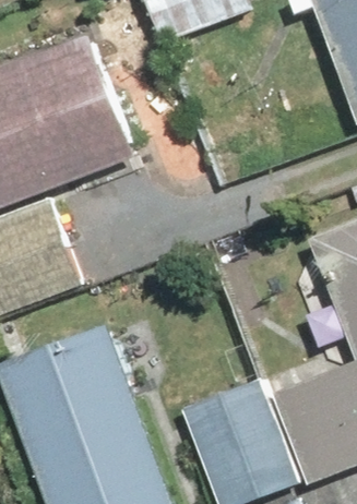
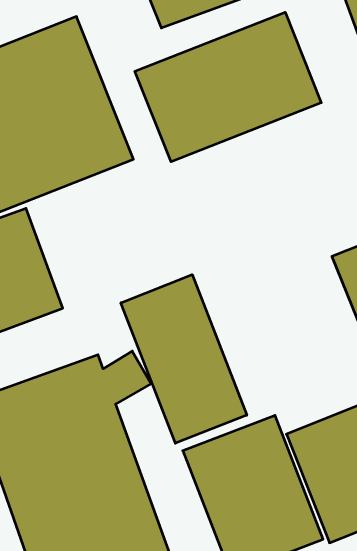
building: none -> [135,12,321,162]
building: none -> [121,275,247,443]

